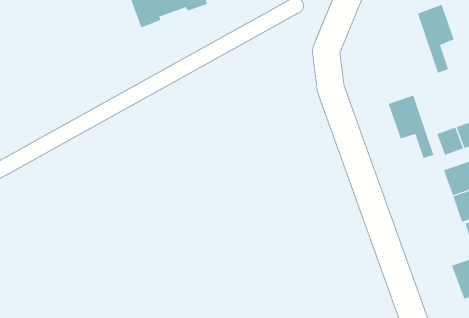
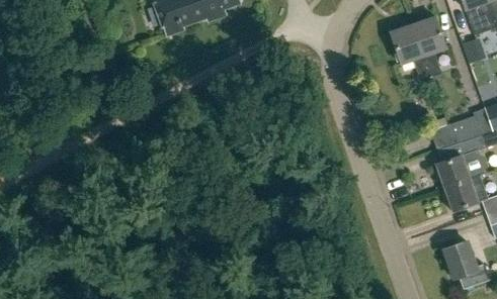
building: [388,95,434,158] -> [389,23,430,80]

